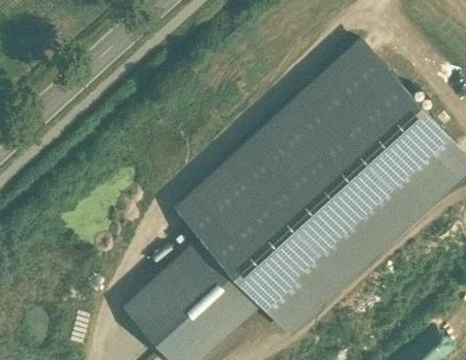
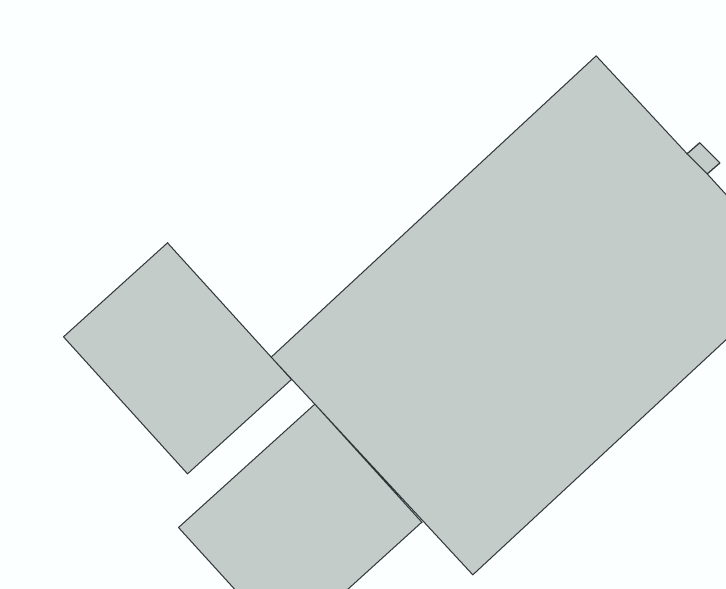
building: none -> [64,243,292,474]

